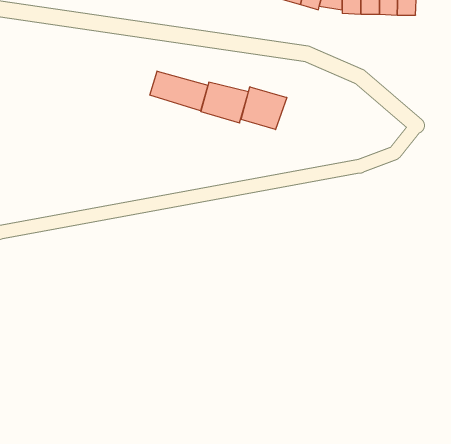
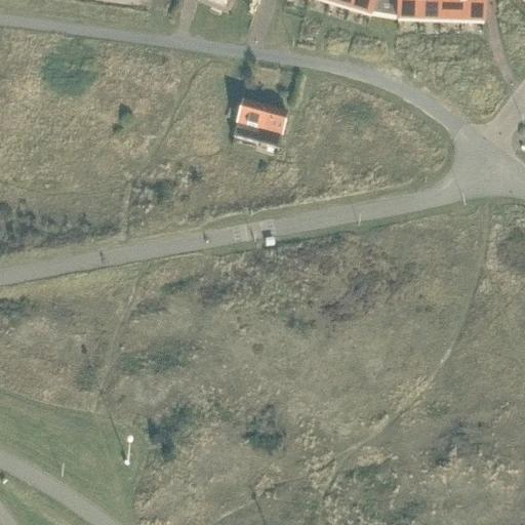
building: [150,71,208,111] -> none
building: [241,87,287,130] -> none

